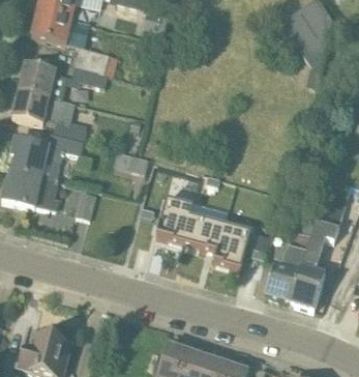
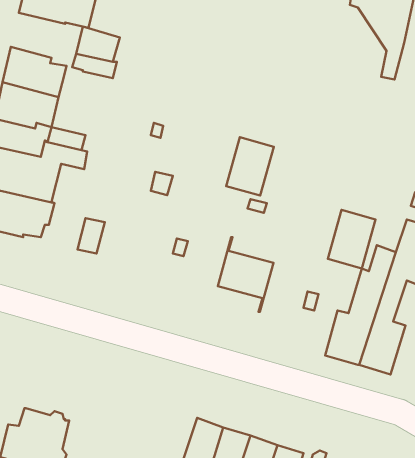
building: [156,198,192,242] -> [226,137,274,196]
building: [214,225,250,269] -> [328,210,376,268]

